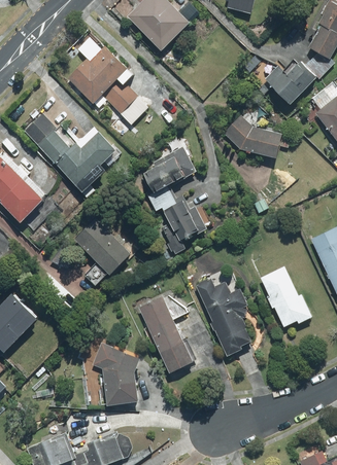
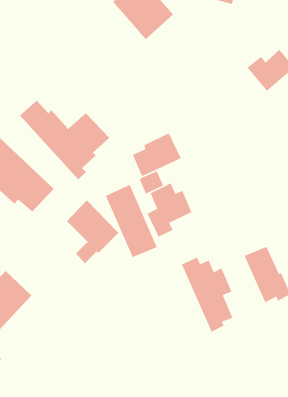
building: [72,35,149,123] -> none
building: [224,115,282,159] -> none
building: [138,295,194,373] -> [105,184,158,258]
building: [94,344,139,406] -> none

